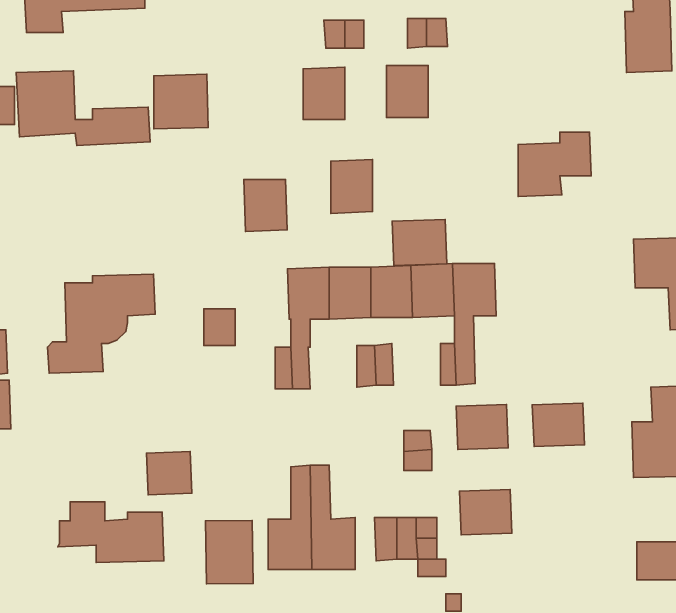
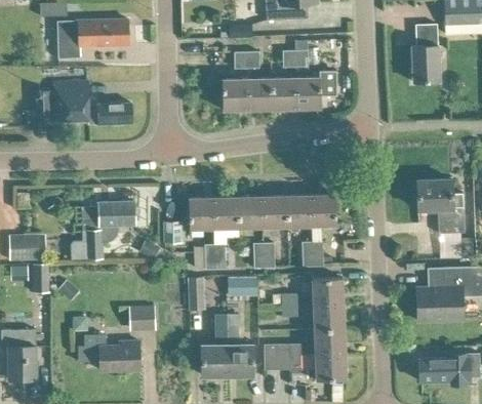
building: [154,74,208,129] -> none
building: [518,132,591,197] -> [295,71,338,109]
building: [331,160,372,213] -> [246,78,271,110]
building: [244,179,287,232] -> [188,198,213,229]
building: [392,220,447,265] -> none
building: none -> [230,276,259,295]
building: none -> [189,277,206,311]
building: [532,403,584,447] -> [313,304,344,329]
building: [206,520,253,584] -> none
building: none -> [315,354,346,380]

